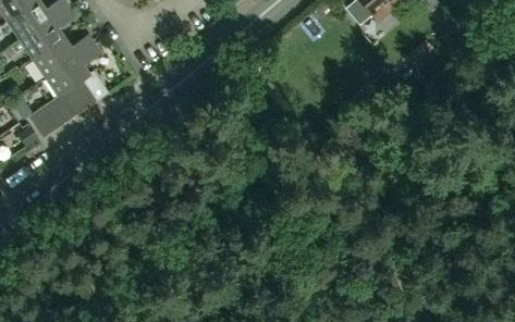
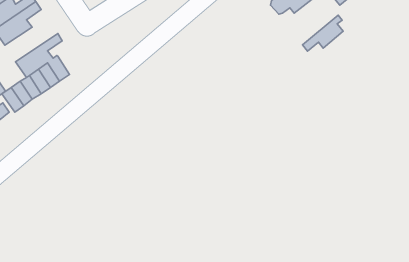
building: none -> [302,15,343,51]
building: [32,35,95,78] -> none

